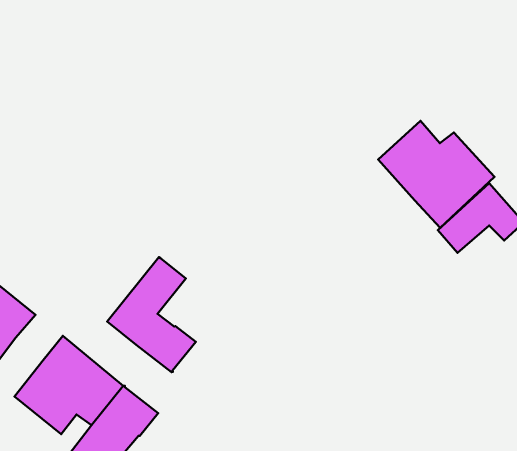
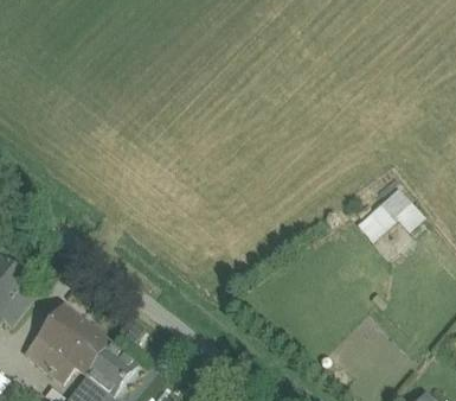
building: [378,121,495,228] -> none
building: [107,257,196,372] -> none

